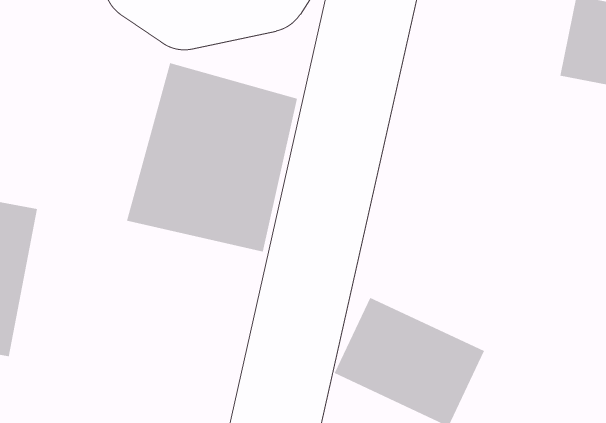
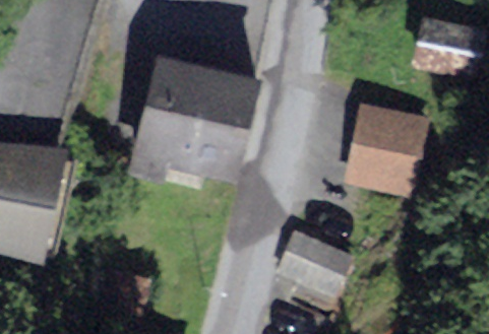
building: none -> [347,104,448,203]

